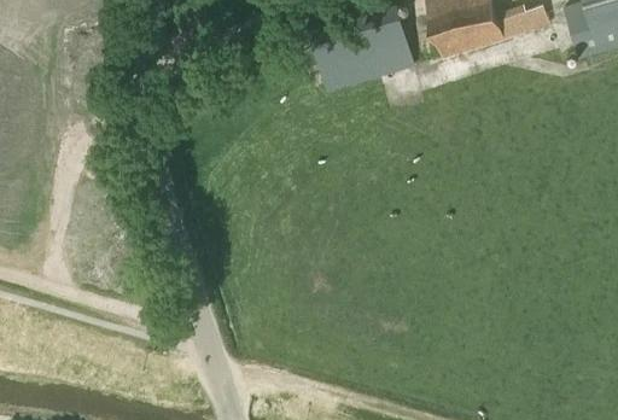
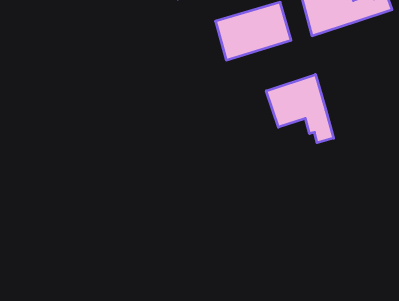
building: none -> [266,74,334,143]

